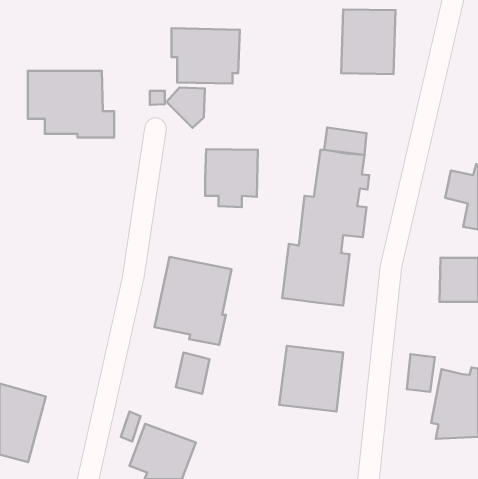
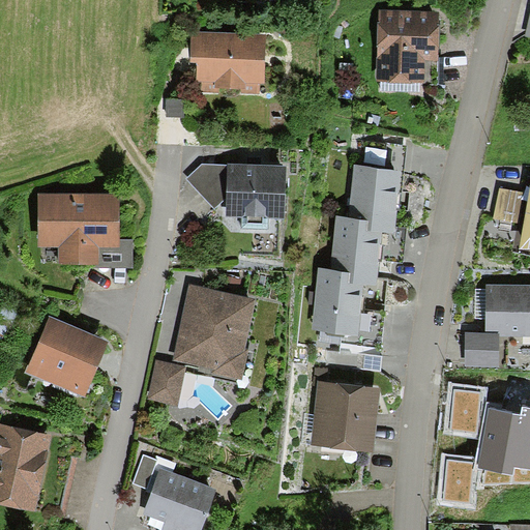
building: [28,71,114,137] -> [38,195,134,268]
building: [166,88,205,128] -> [185,164,228,208]
building: none -> [24,316,107,396]
building: none -> [465,333,501,367]
building: [176,353,210,394] -> [147,360,184,406]
building: none -> [442,462,473,503]

